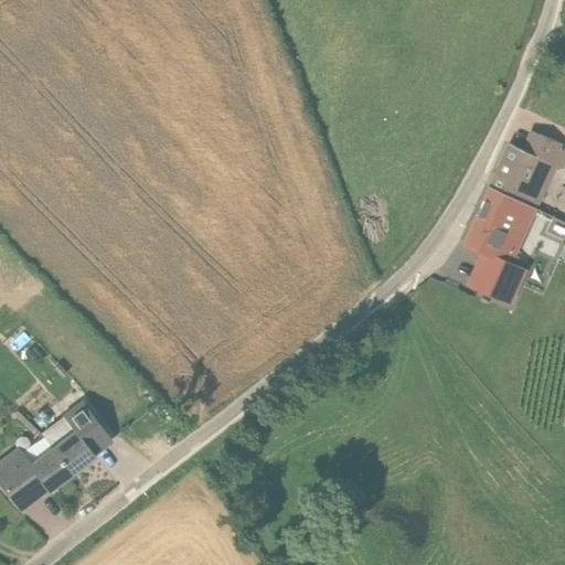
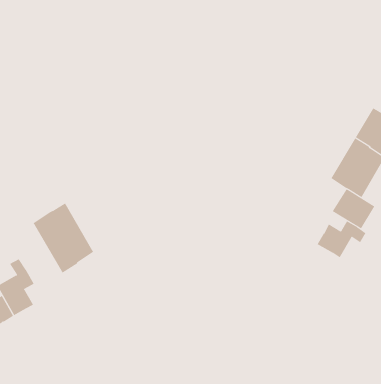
building: none -> [317,220,366,258]
building: none -> [33,203,94,274]

